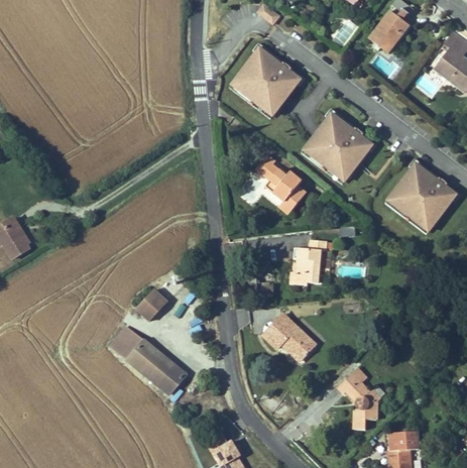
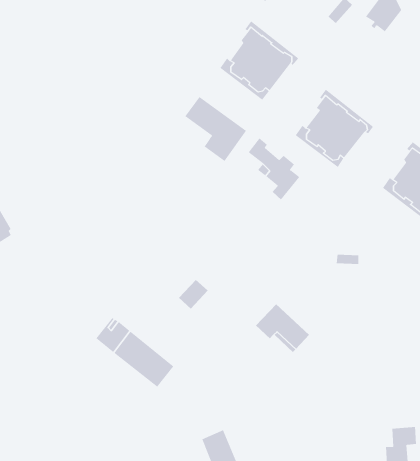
building: none -> [185,96,247,162]
building: [290,240,327,284] -> none
building: [136,289,165,319] -> [178,279,209,310]
building: [338,368,385,430] -> none

